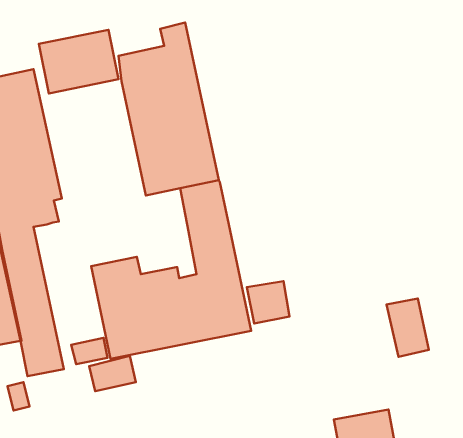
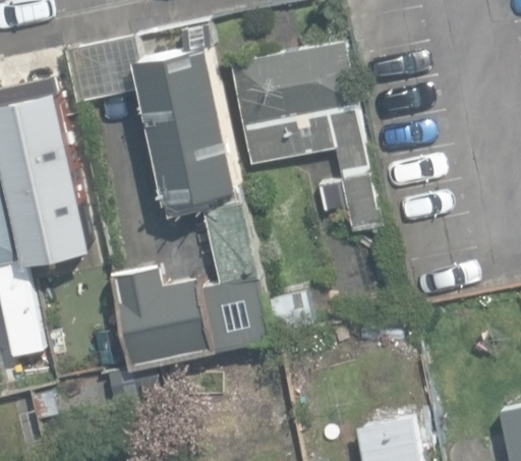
building: none -> [227,44,379,234]

